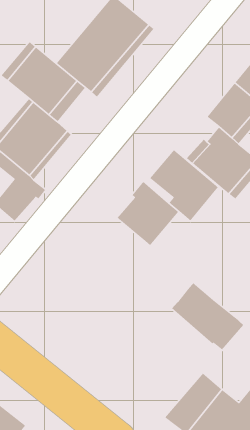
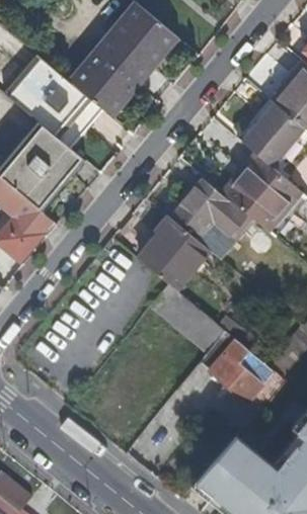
building: none -> [150,284,225,353]

